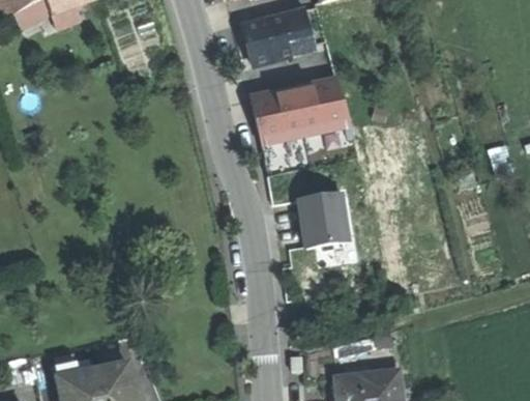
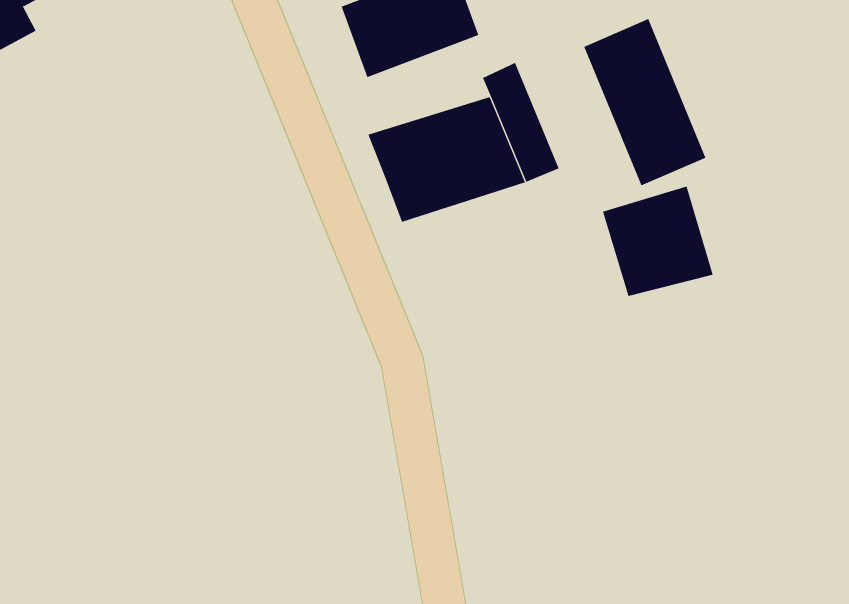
building: none -> [583,18,706,186]
building: [295,193,350,248] -> [602,186,713,297]

